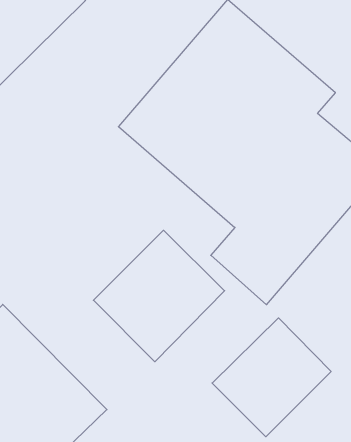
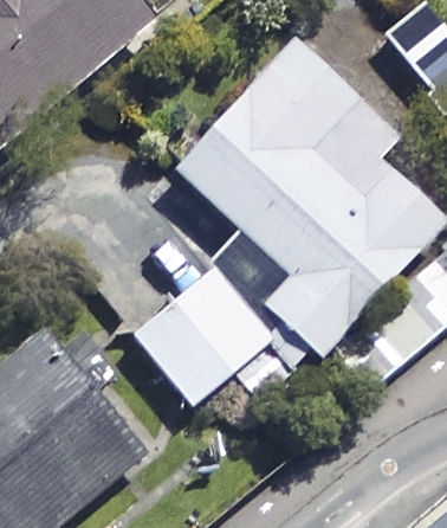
building: [212,318,331,437] -> none

